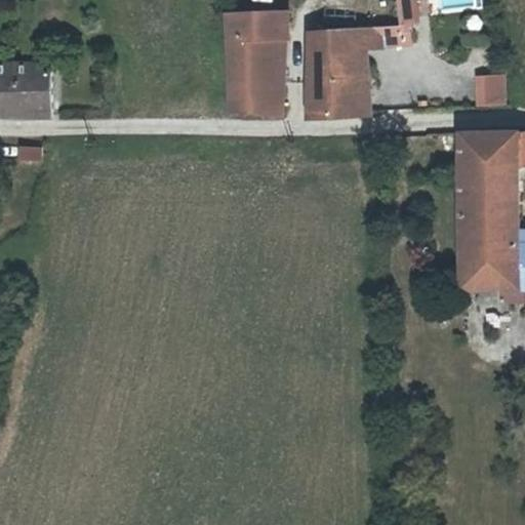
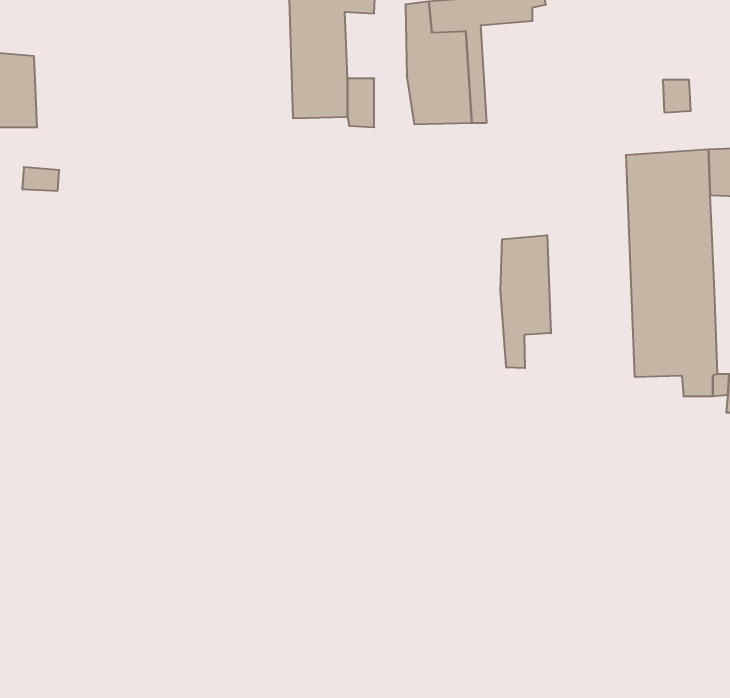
building: [256,37,277,83] -> none
building: none -> [501,235,551,368]

